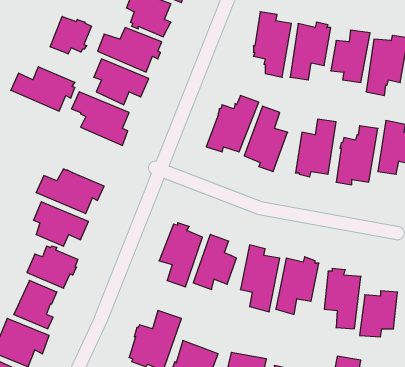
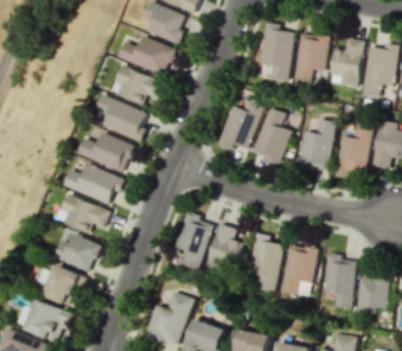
building: [50,16,91,54] -> none
building: [11,67,75,111] -> [76,132,134,172]

